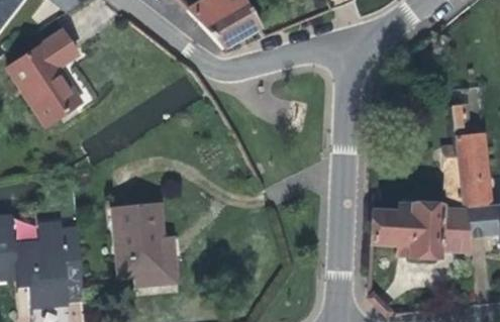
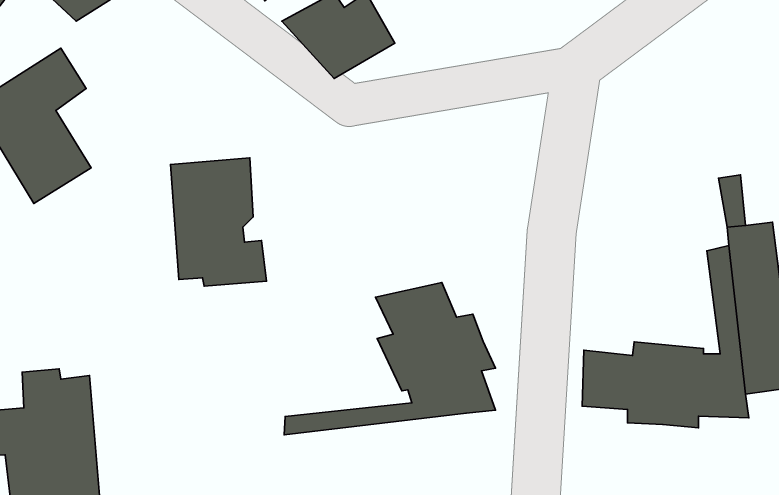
building: none -> [284,283,496,435]
building: [112,206,170,283] -> [170,158,267,286]

